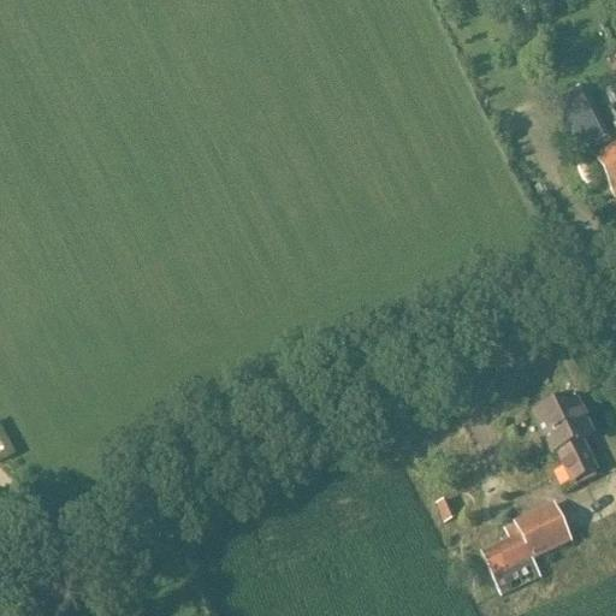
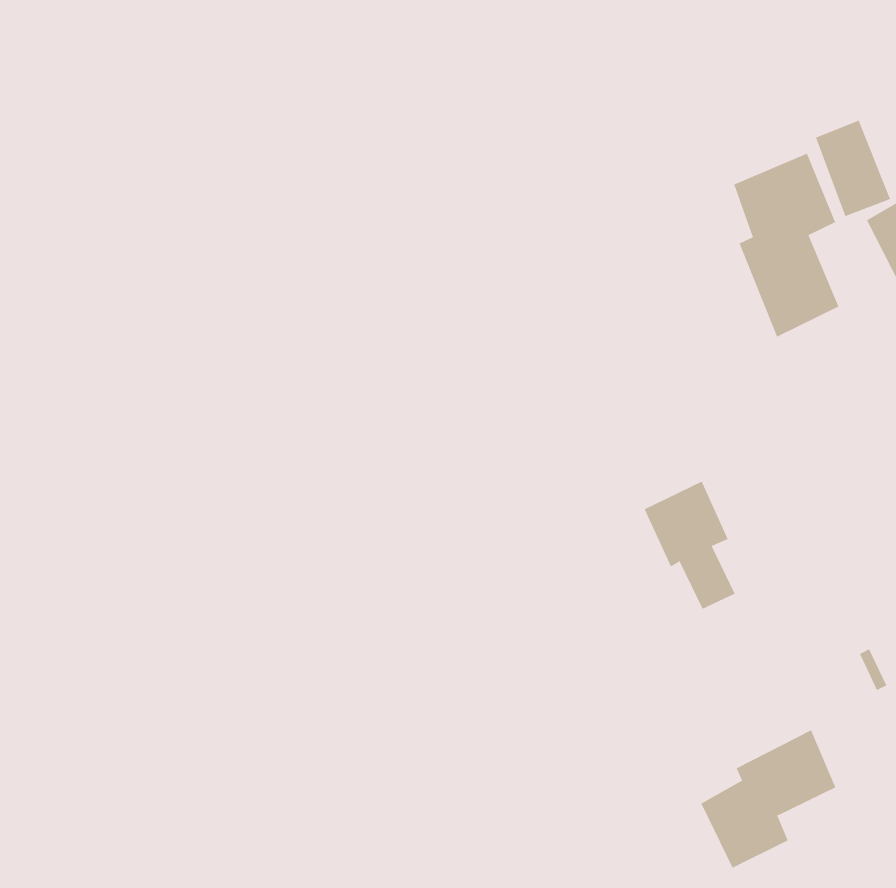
building: none -> [734,153,839,338]
building: [535,392,598,480] -> [644,481,736,610]

